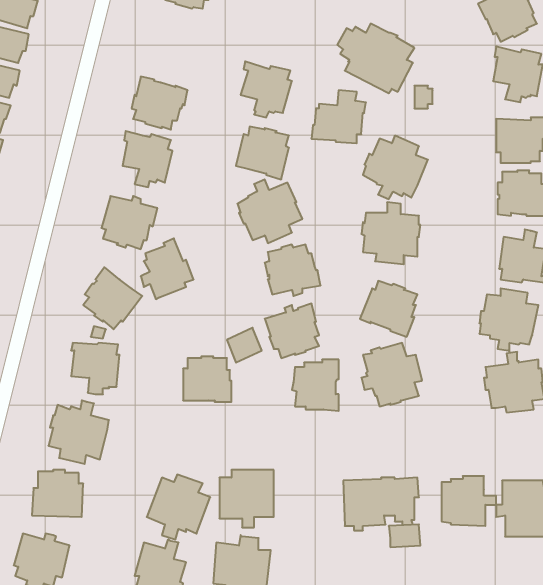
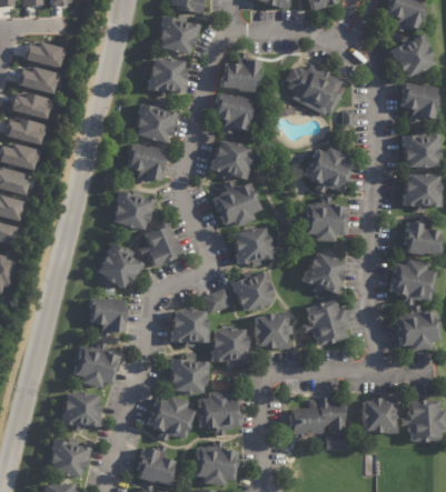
building: none -> [149,58,187,92]
building: [311,90,366,143] -> [221,53,261,92]
building: none -> [214,328,250,361]
building: none -> [170,359,209,393]

